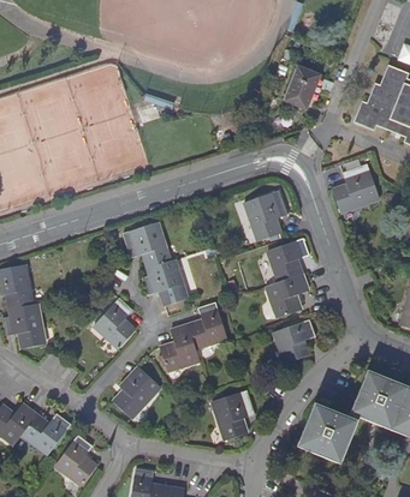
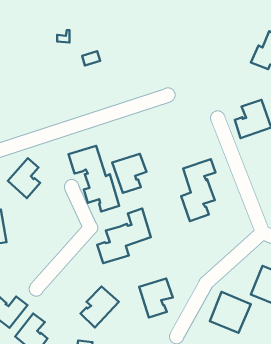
building: [283,66,319,109] -> none
building: [244,192,287,241] -> [112,154,147,193]
building: [95,298,136,348] -> [8,158,40,198]
building: [274,321,315,364] -> none
building: [113,367,161,419] -> [81,287,119,328]

